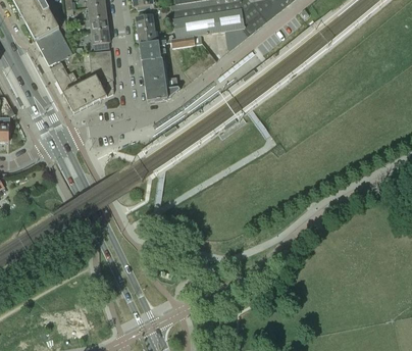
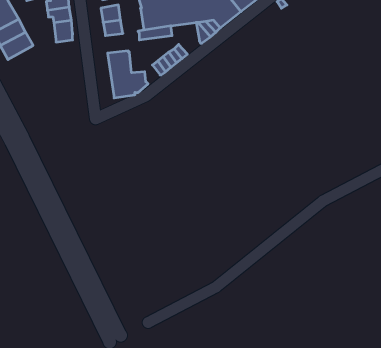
building: [140,39,171,59] -> none
building: [50,49,113,112] -> none

